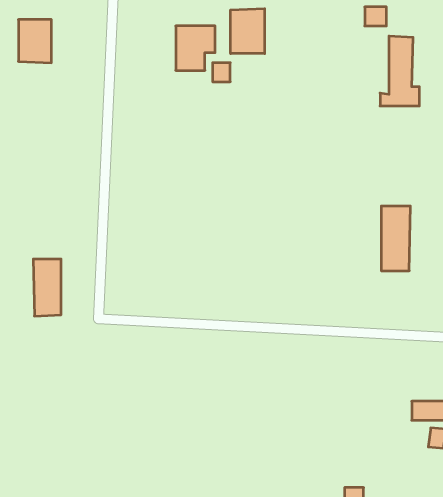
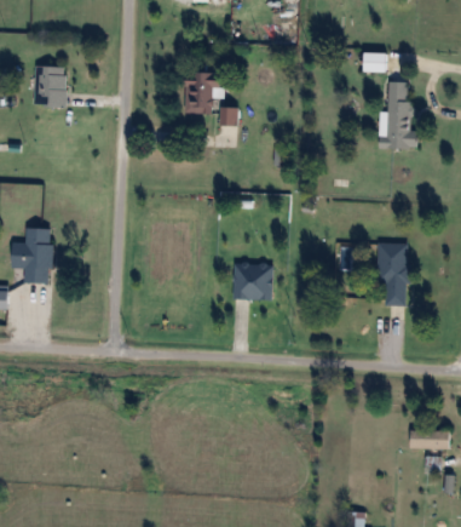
building: [231,9,265,54] -> none
building: none -> [234,264,272,300]
building: [33,259,61,316] -> [24,229,51,283]

